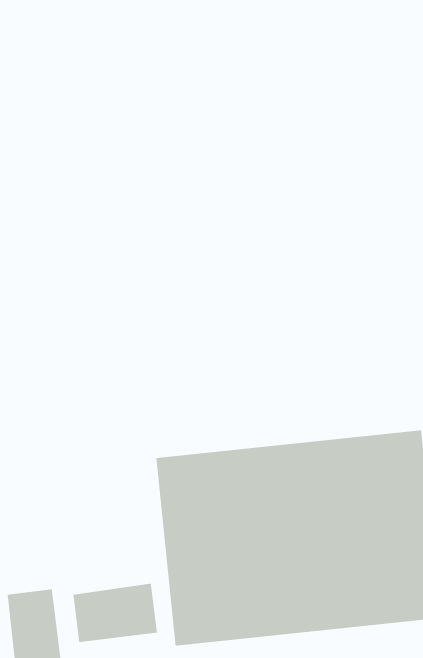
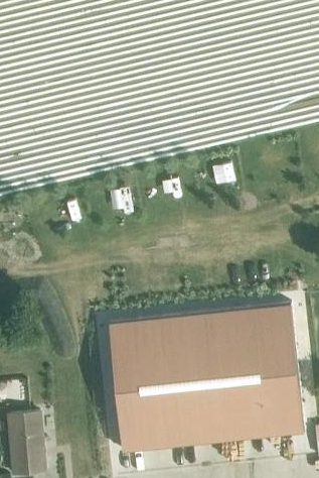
building: [73,583,157,643] -> none

